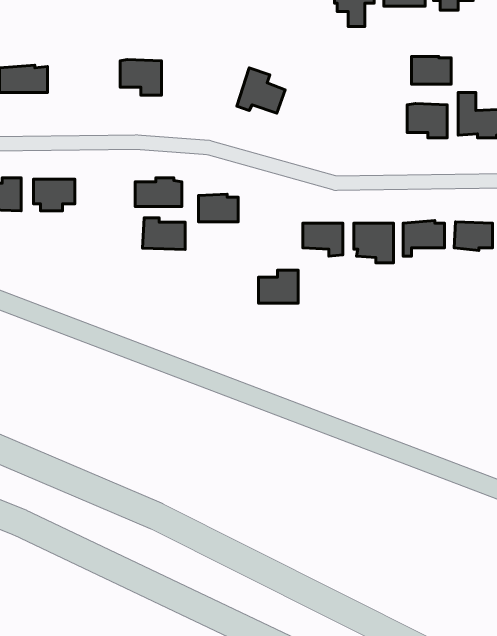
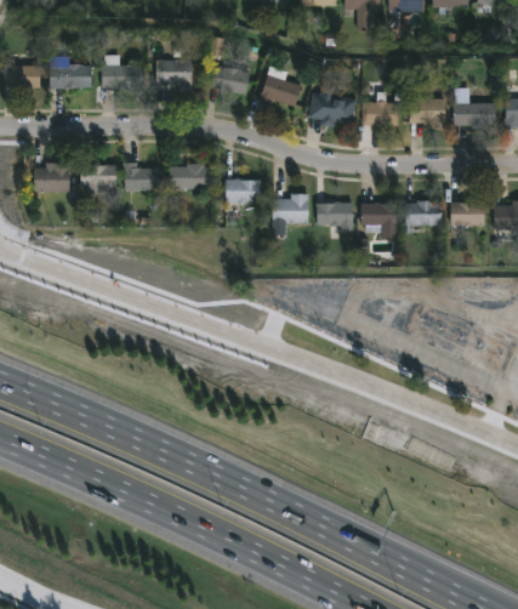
building: [411,57,451,84] -> [362,101,397,125]
building: none -> [101,64,144,89]
building: none -> [210,64,249,93]
building: none -> [307,81,355,127]
building: [143,218,185,250] -> [123,163,160,190]
building: [258,270,298,303] -> [273,193,308,222]

